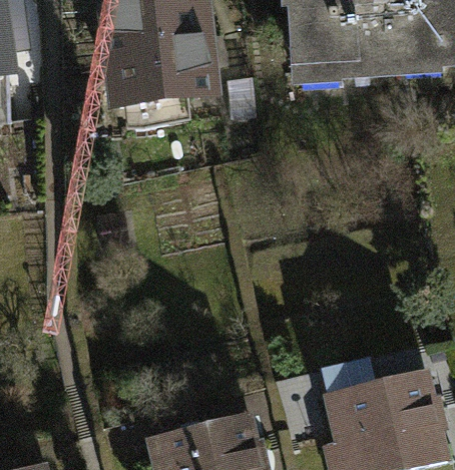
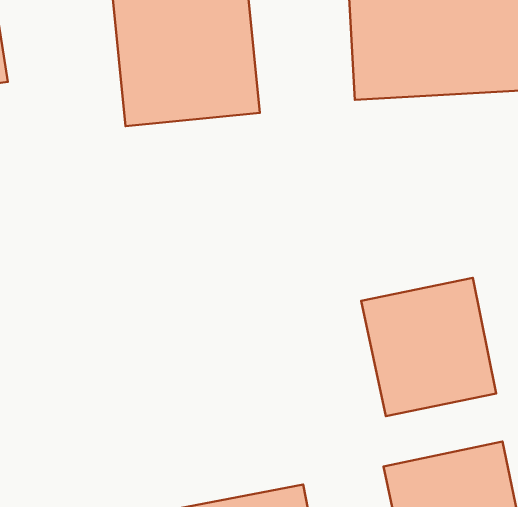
building: none -> [361,278,496,416]

